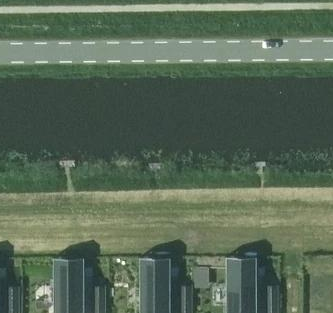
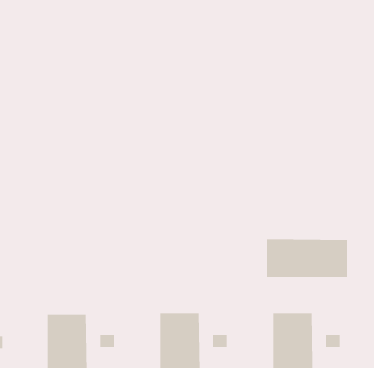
building: none -> [267,238,348,278]

